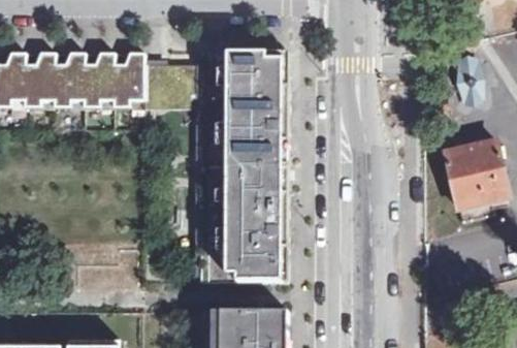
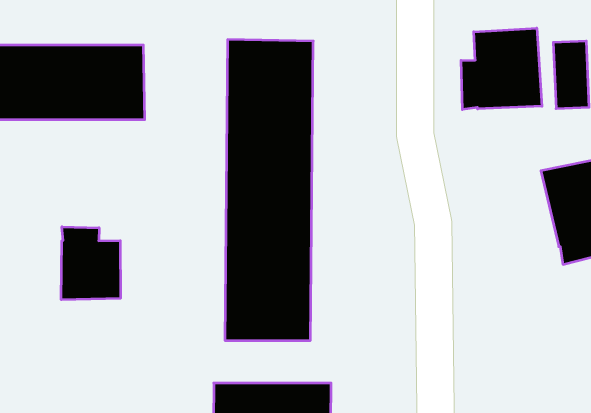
building: none -> [461,28,542,110]
building: none -> [61,227,120,300]

